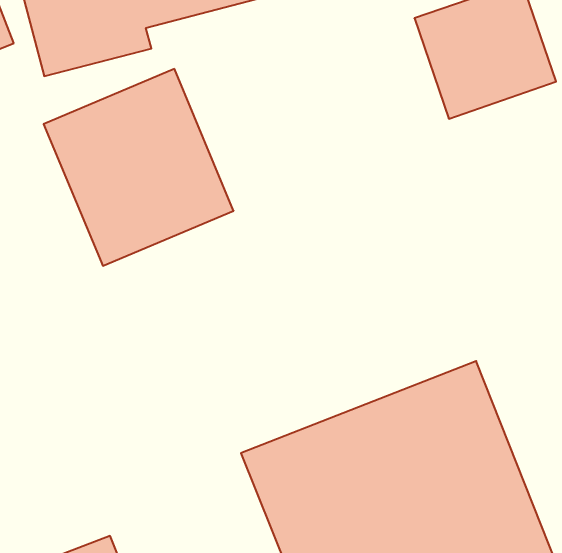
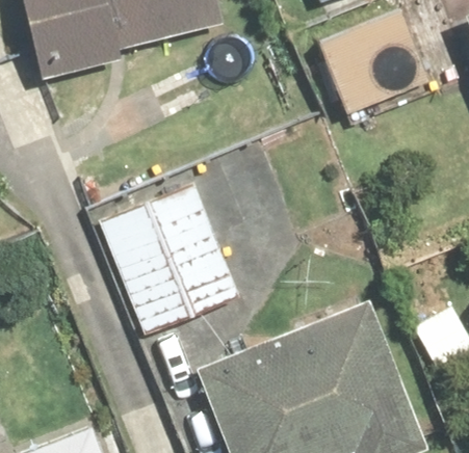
building: [44,69,234,266] -> [96,187,239,336]

